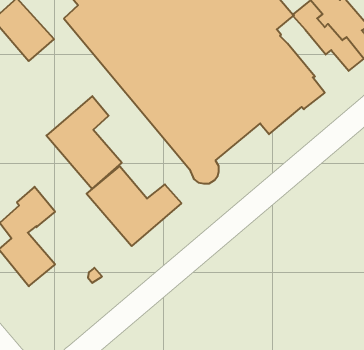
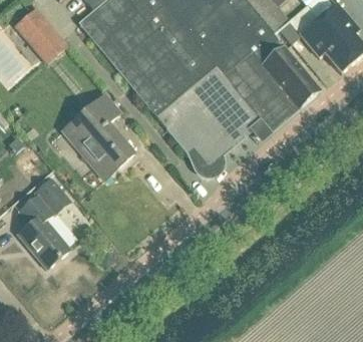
building: [87,166,181,246] -> none

